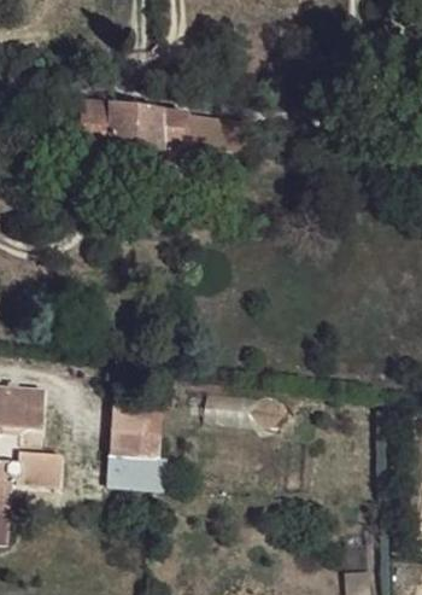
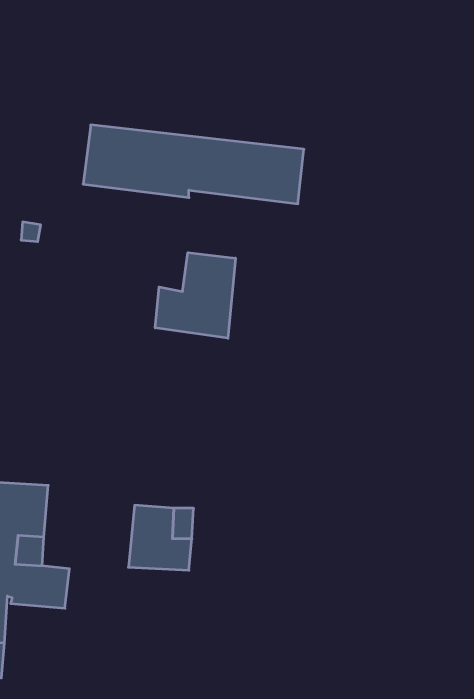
building: none -> [155,253,235,338]
building: [107,453,158,489] -> none

